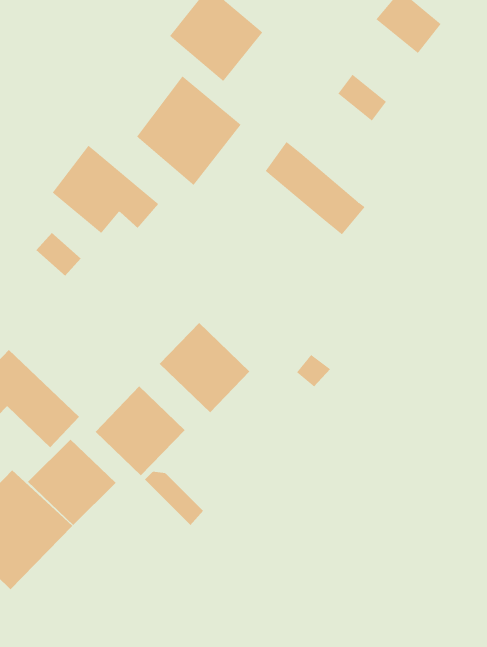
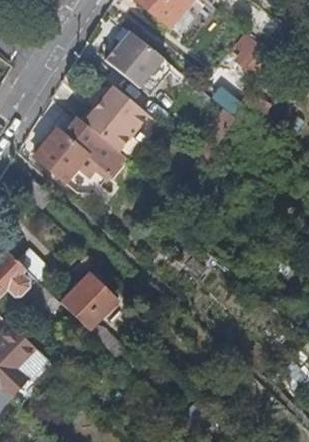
building: [265,141,365,235] -> [64,116,125,173]
building: [159,322,250,413] -> none
building: [27,439,117,526] -> none

